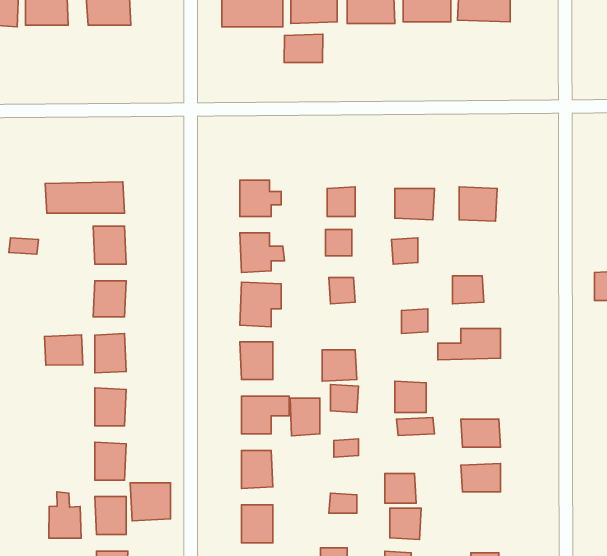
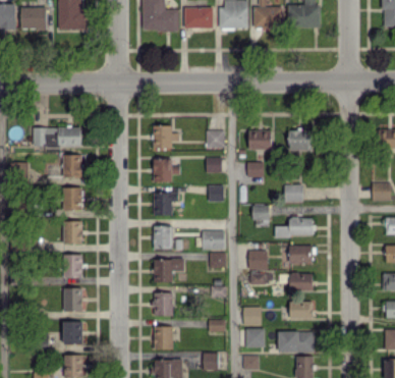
building: [284,34,323,62] -> none
building: [45,335,83,365] -> none
building: none -> [288,246,314,264]
building: [290,398,320,436] -> none
building: [130,483,170,521] -> none
building: [49,492,81,538] -> none
building: none -> [278,331,315,353]

